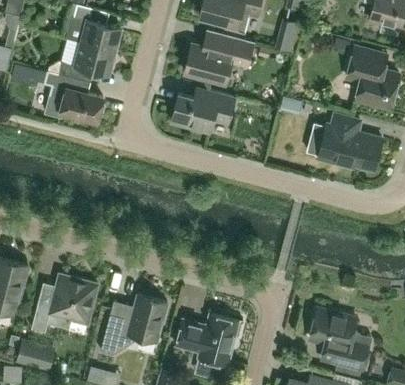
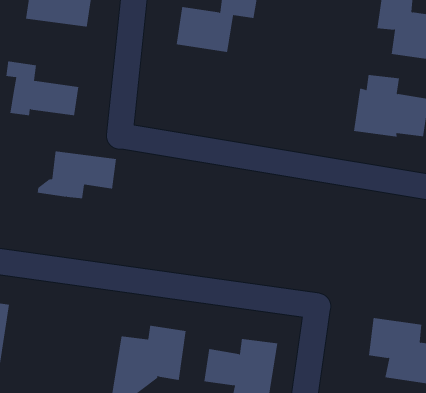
building: [48,40,115,81] -> [37,151,117,199]
building: [171,91,236,132] -> none
building: [31,275,98,333] -> none

